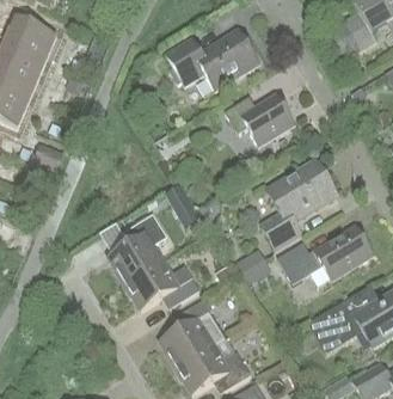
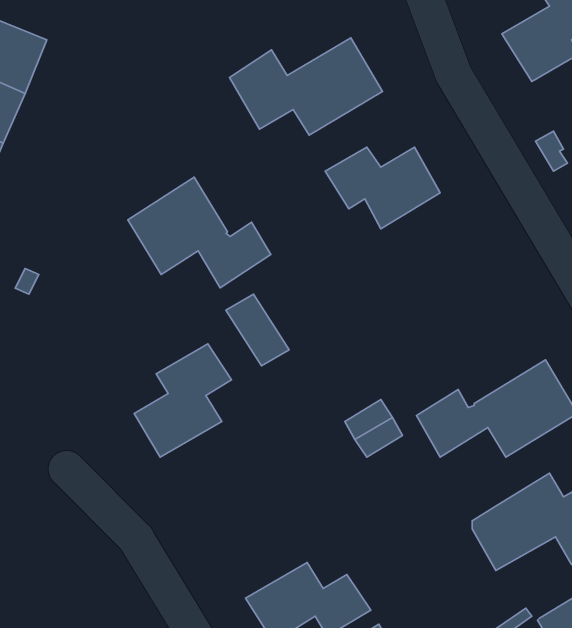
building: none -> [128,177,271,288]
building: [260,159,337,247] -> none
building: [124,260,198,309] -> none
building: [160,297,223,367] -> none

